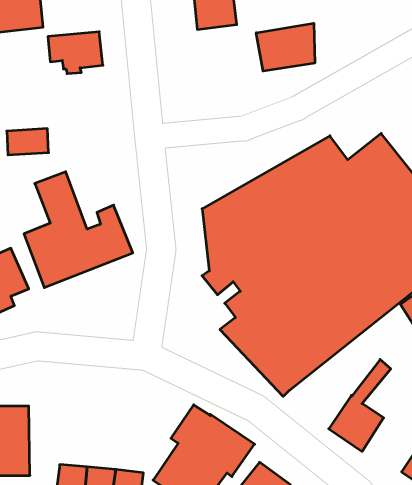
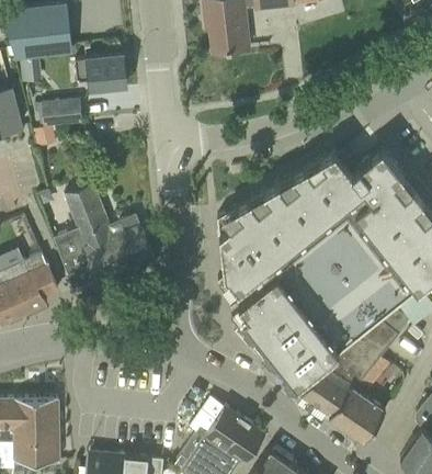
building: [256,23,315,71] -> none
building: [7,129,49,155] -> [43,104,81,128]
building: none -> [300,320,398,420]

